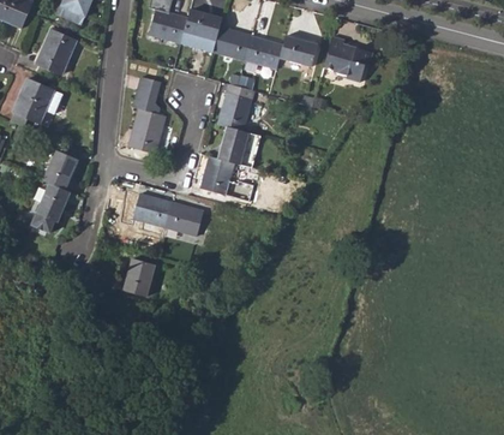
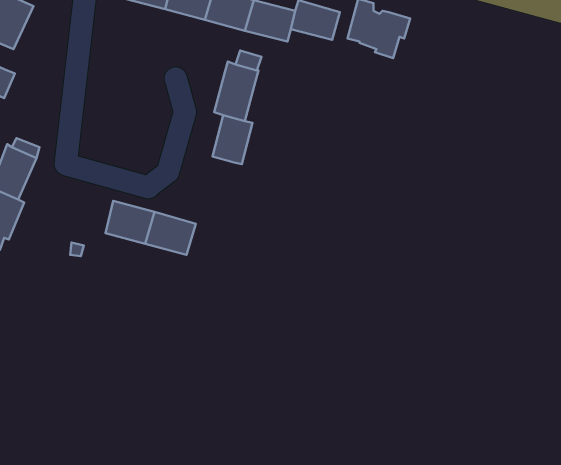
building: [128,77,164,154] -> none
building: [200,156,236,195] -> none
building: [124,258,155,297] -> none

